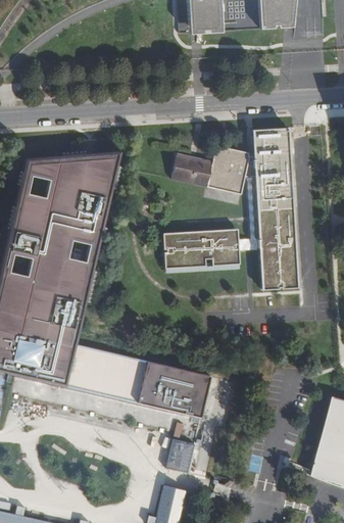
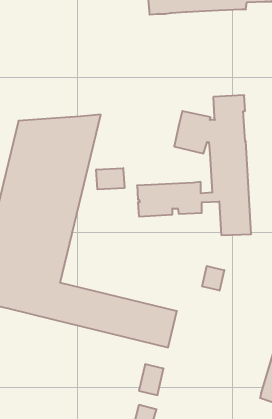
building: [171,154,212,187] -> none
building: none -> [96,168,124,189]
building: none -> [202,266,224,291]

